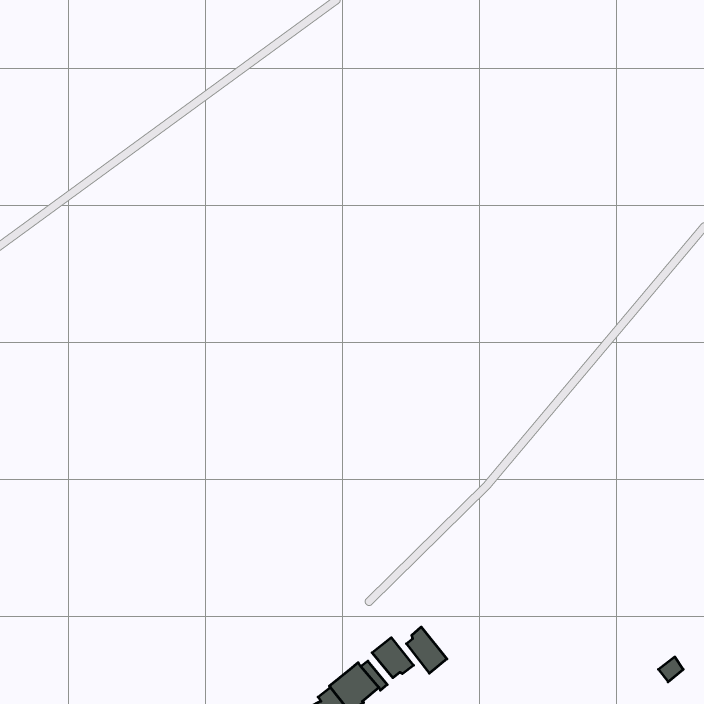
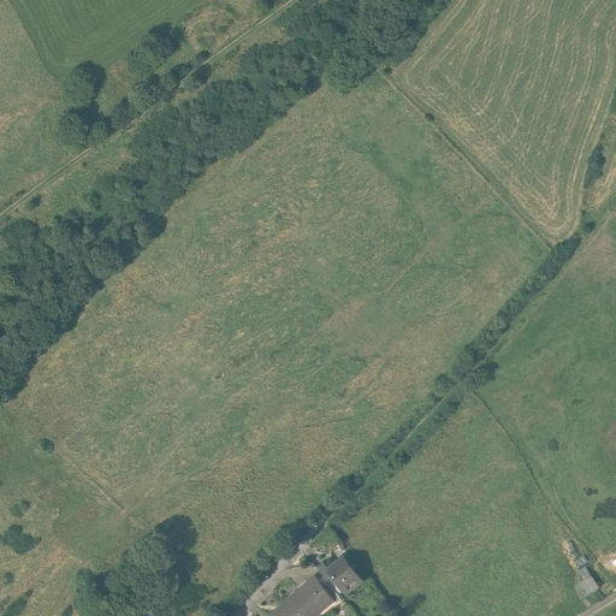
building: [406,627,447,673] -> none

